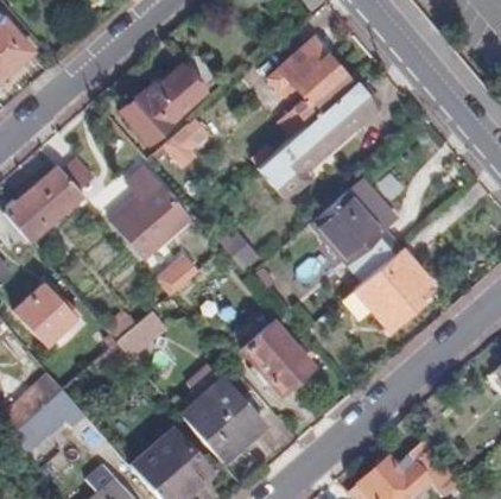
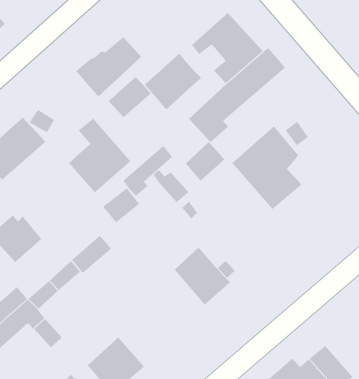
building: none -> [144,53,202,110]
building: none -> [185,141,225,181]
building: none -> [123,145,173,197]
building: [356,242,439,326] -> none
building: [179,377,260,459] -> none

